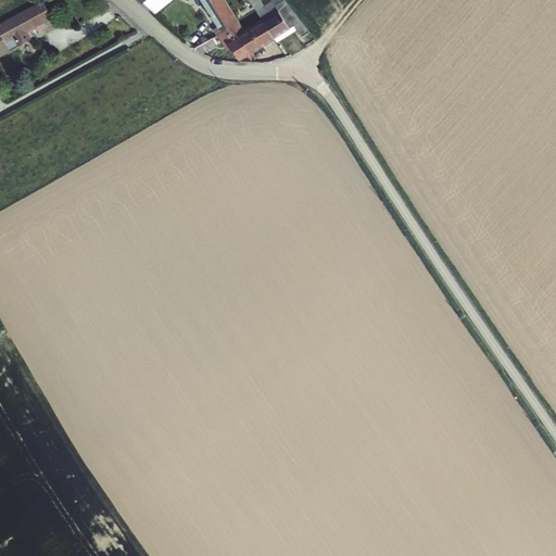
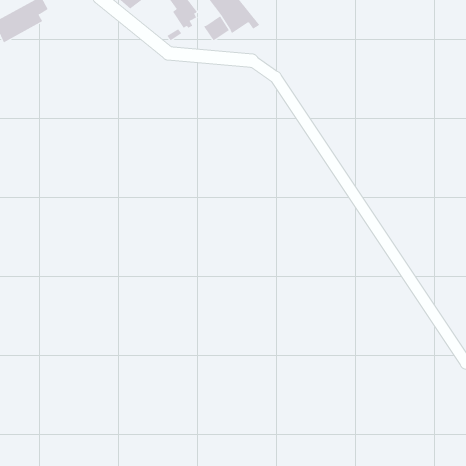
building: [217,21,253,59] -> none

